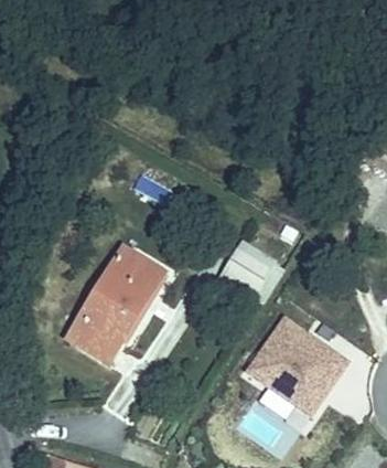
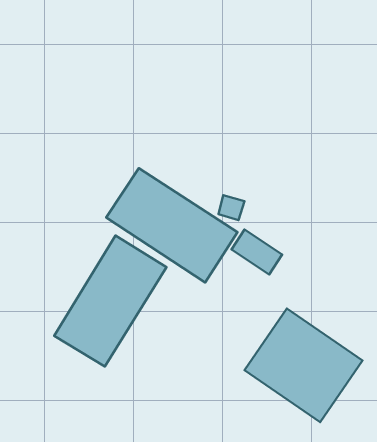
building: none -> [106,168,238,283]

